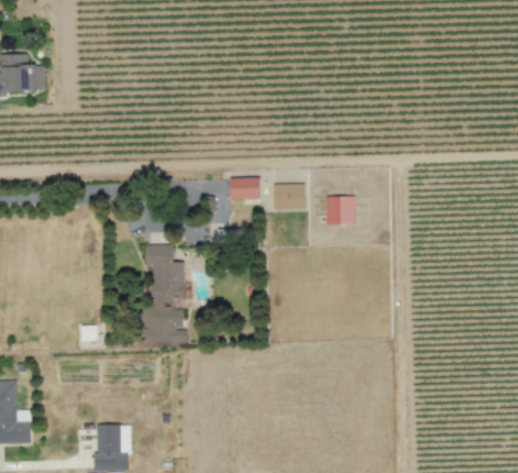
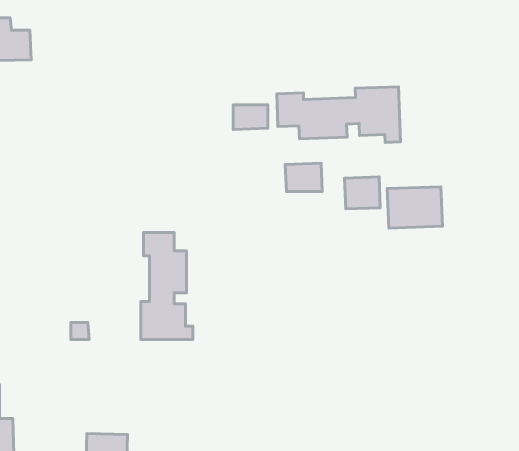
building: none -> [277,87,400,142]
building: [230,178,261,200] -> [233,105,268,129]
building: none -> [387,187,442,228]

